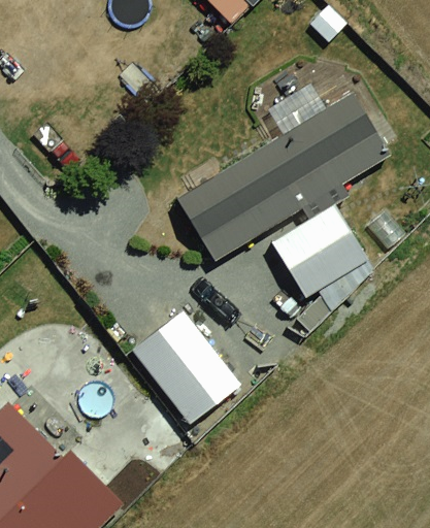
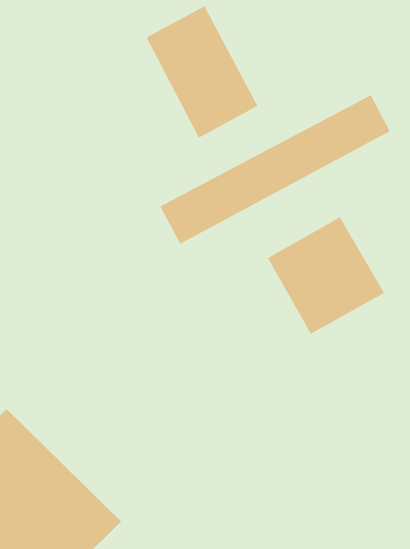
building: none -> [146,5,258,139]
building: [125,308,252,441] -> none

